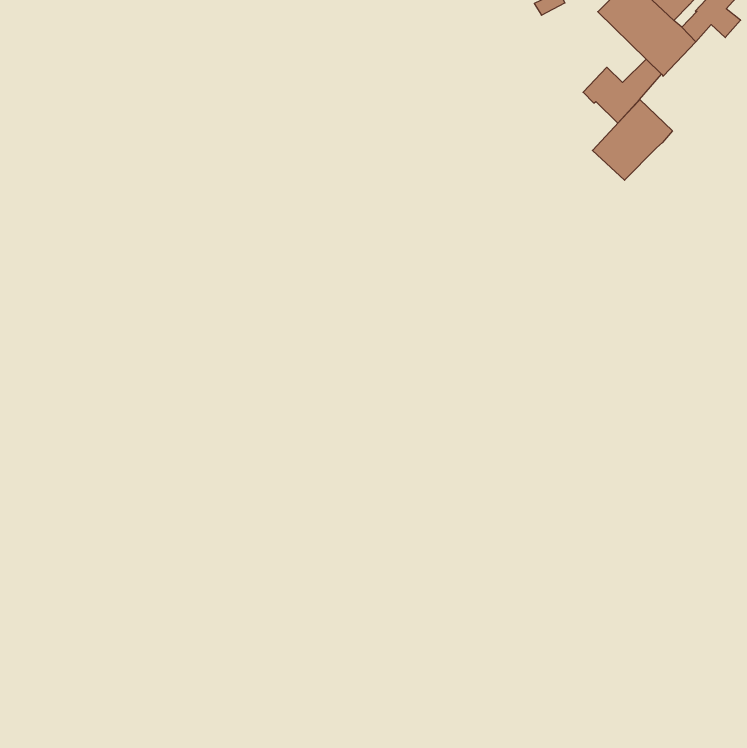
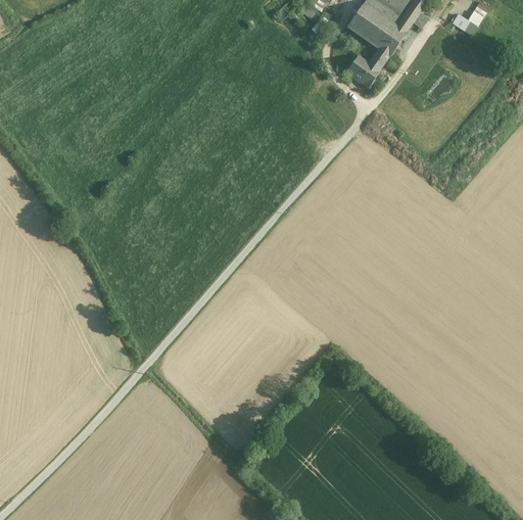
building: [592,99,672,180] -> none

